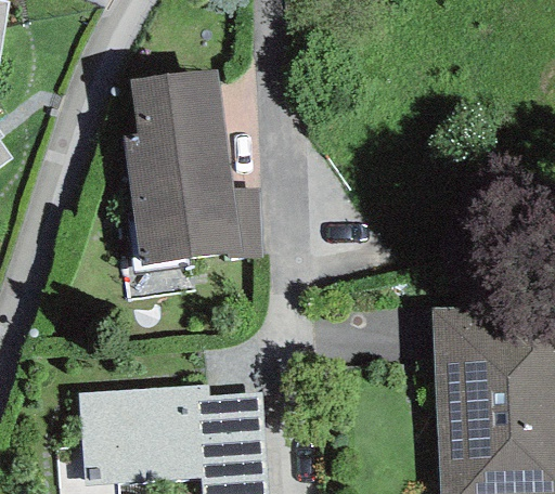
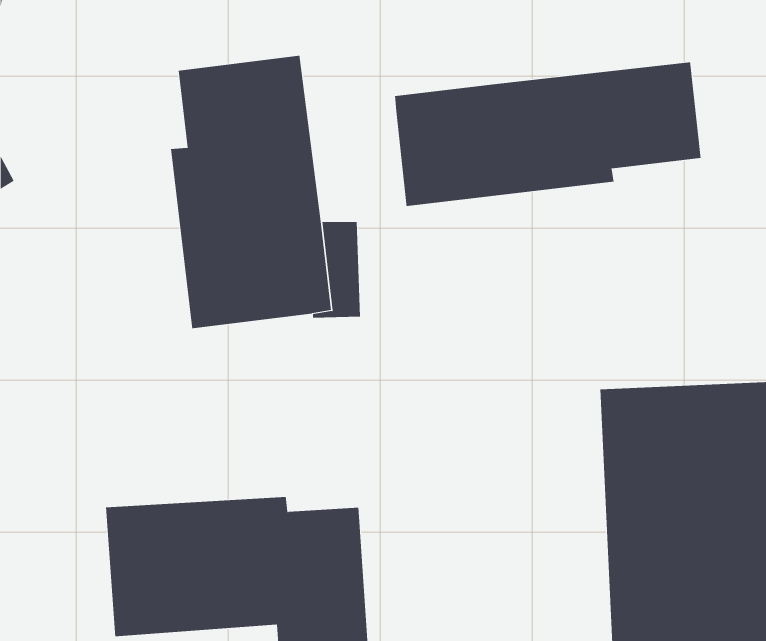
building: none -> [395,61,701,207]

